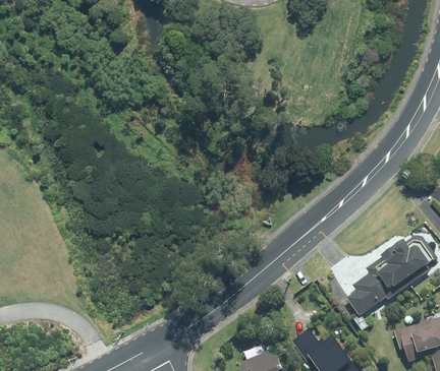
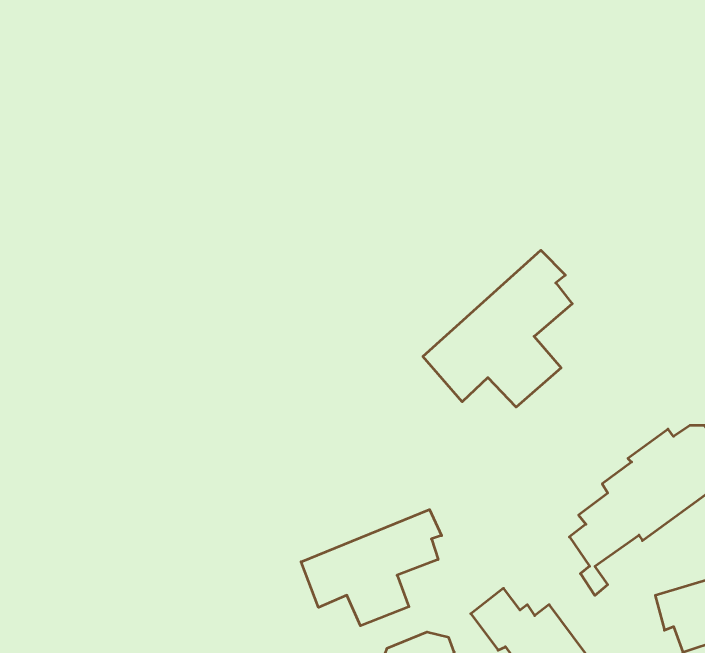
building: none -> [423,250,572,407]
building: none -> [301,510,442,626]

